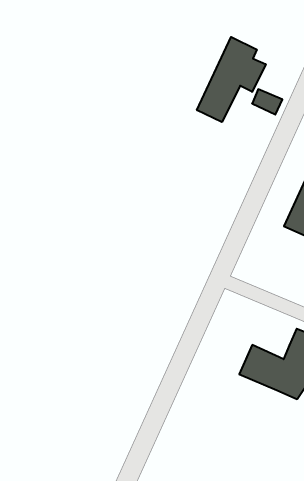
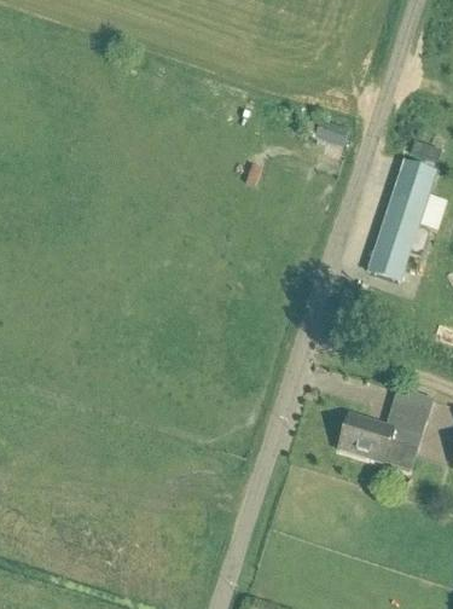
building: [197,37,266,122] -> none

